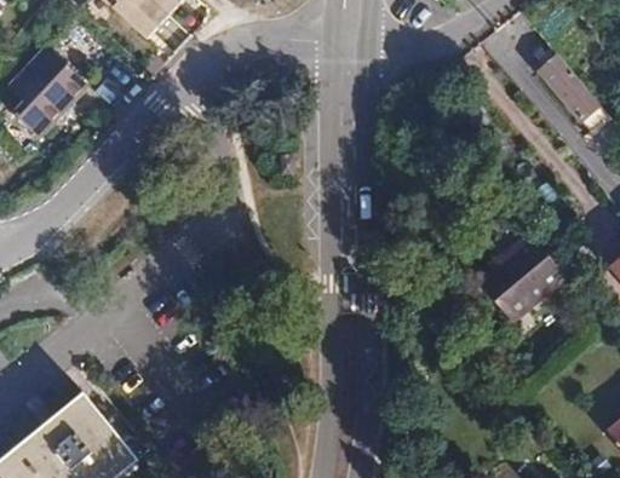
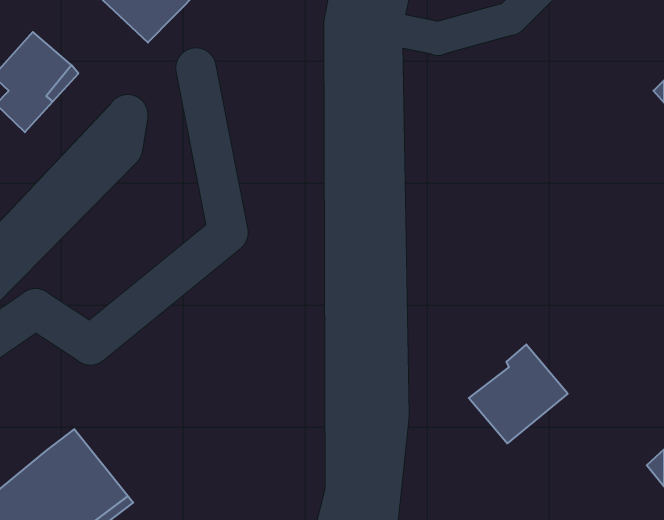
building: [534,57,602,127] -> none
building: [470,228,559,317] -> [469,344,568,443]

